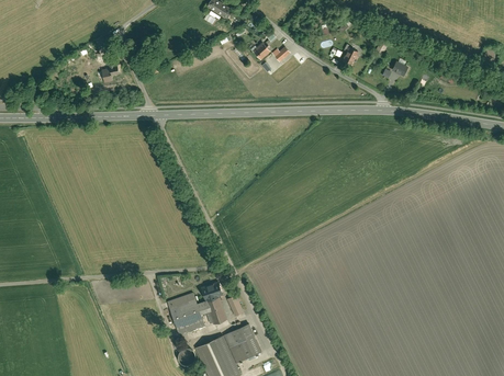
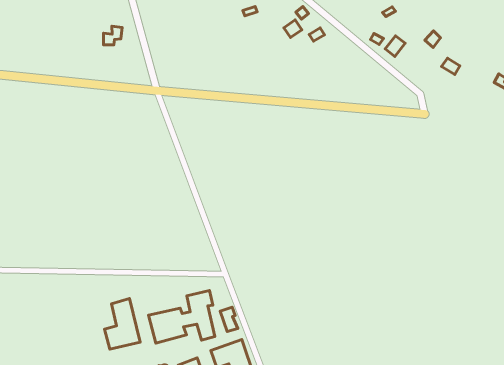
building: none -> [105,299,140,349]

